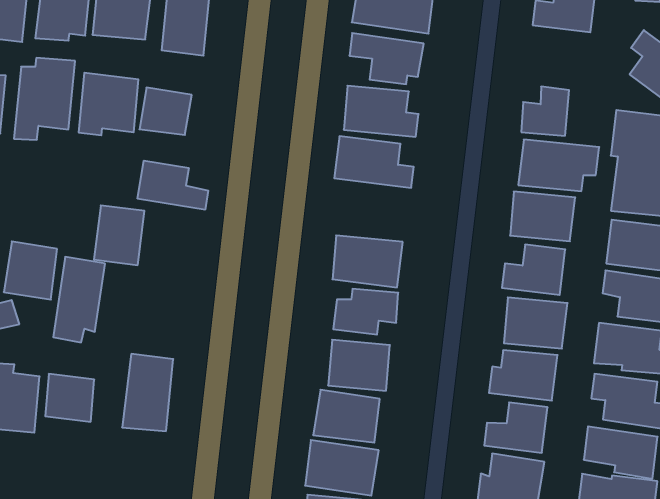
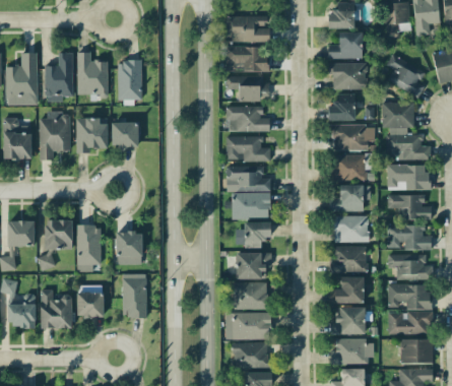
building: none -> [328,63,367,89]
building: [138,161,208,210] -> none
building: none -> [227,166,270,191]
building: [94,205,144,265] -> [117,233,142,264]

